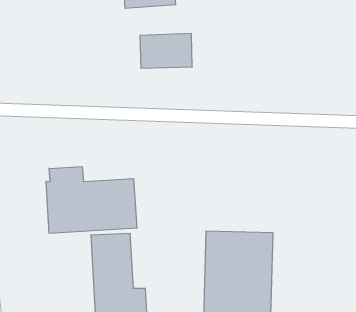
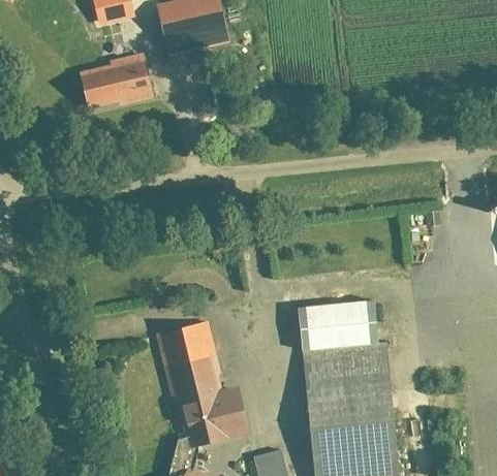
building: [140,34,192,68] -> [82,58,150,107]
building: [46,167,137,233] -> none

